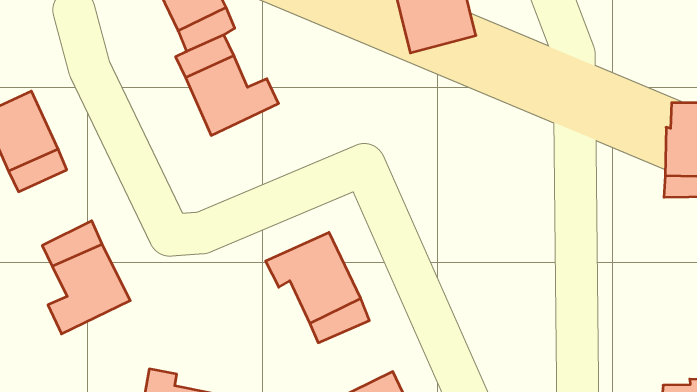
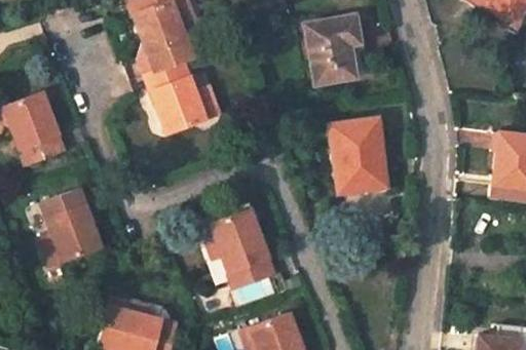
building: none -> [329,117,382,193]

